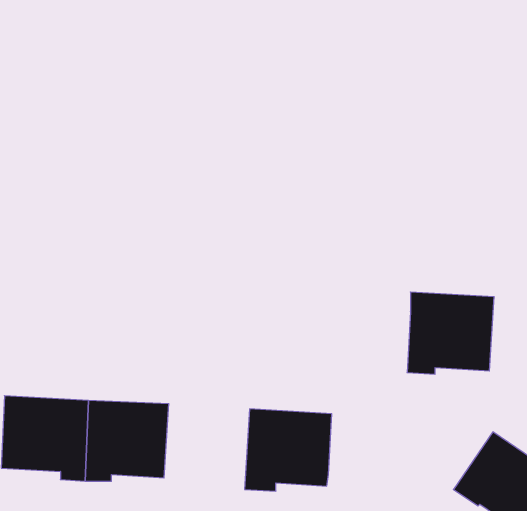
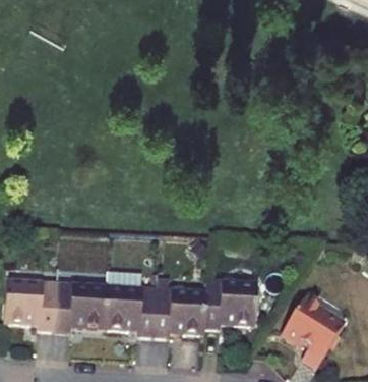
building: [407,292,494,374] -> [208,278,262,329]
building: none -> [107,268,160,337]

